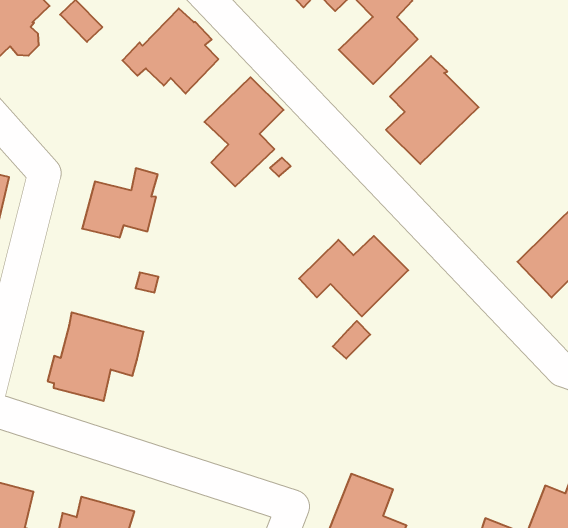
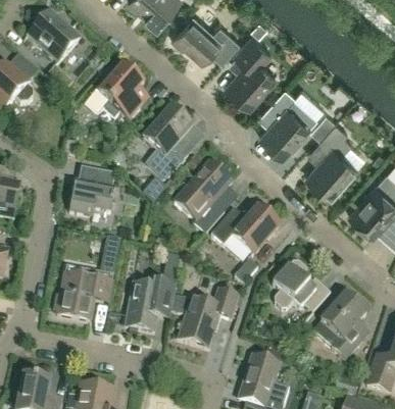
building: none -> [305,119,355,195]
building: none -> [172,160,232,233]
building: none -> [271,259,330,311]
building: none -> [125,282,175,330]
building: none -> [178,288,238,348]
building: none -> [312,294,365,358]

